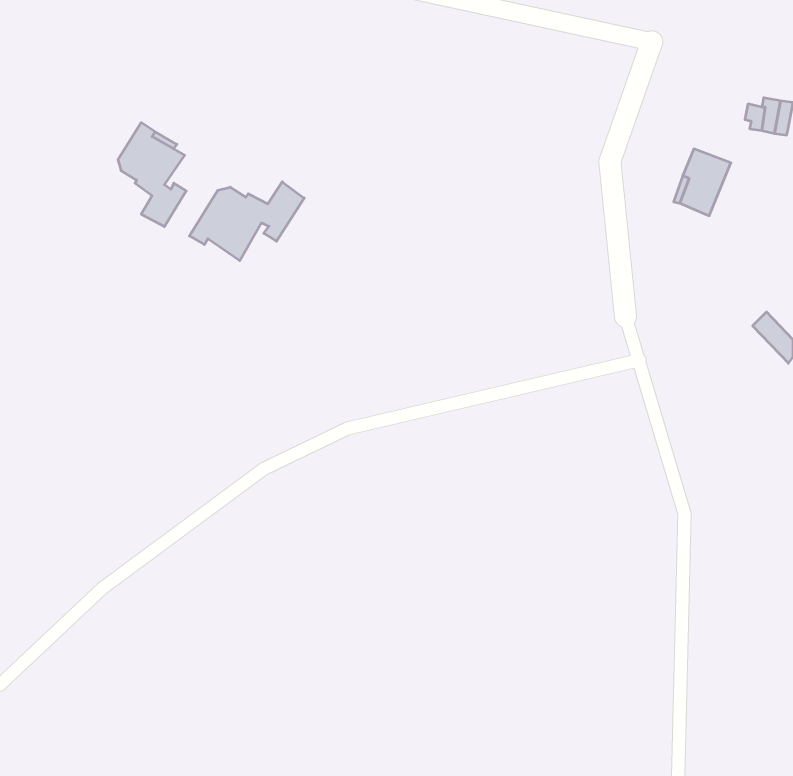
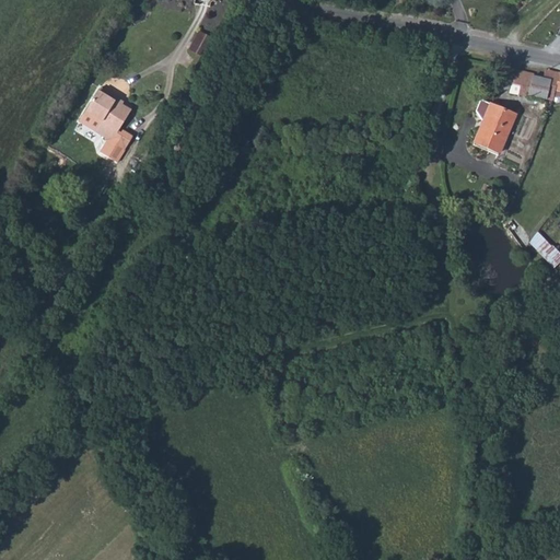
building: none -> [513,71,555,102]
building: [189,182,304,261] -> none

